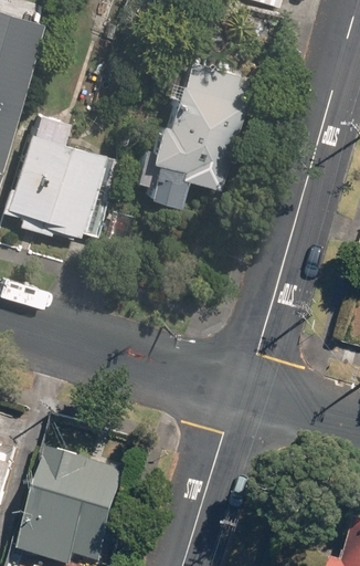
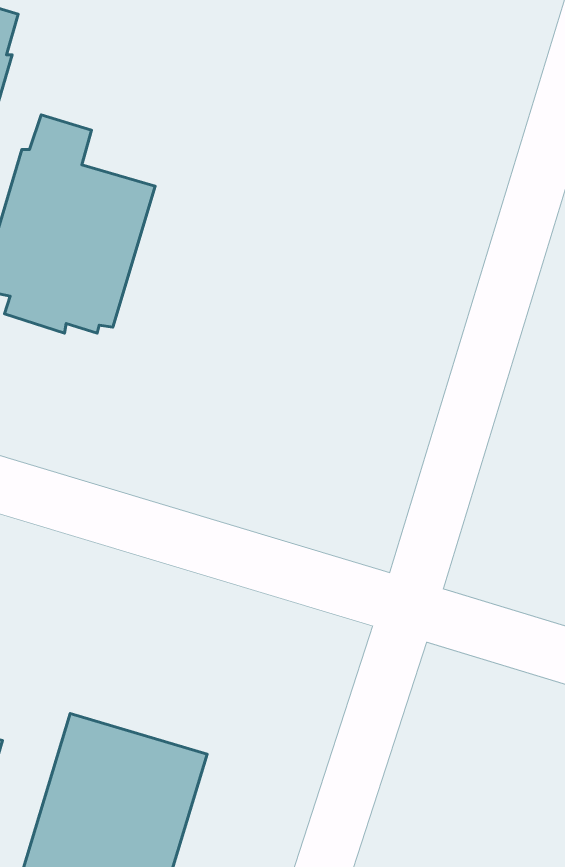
building: [137,54,244,201] -> none

